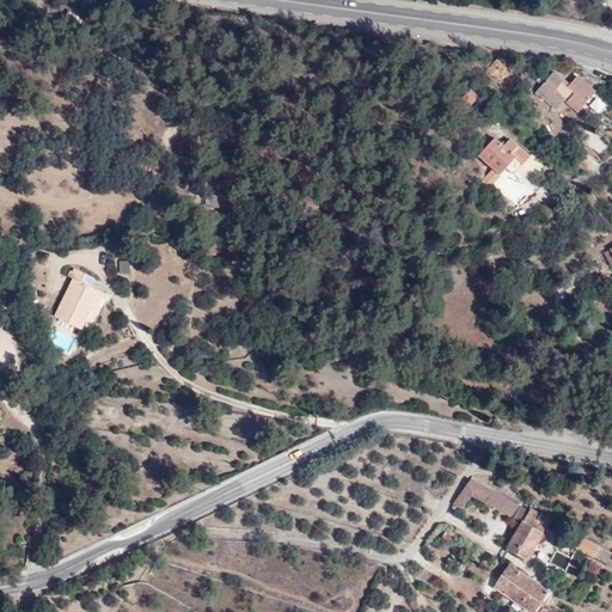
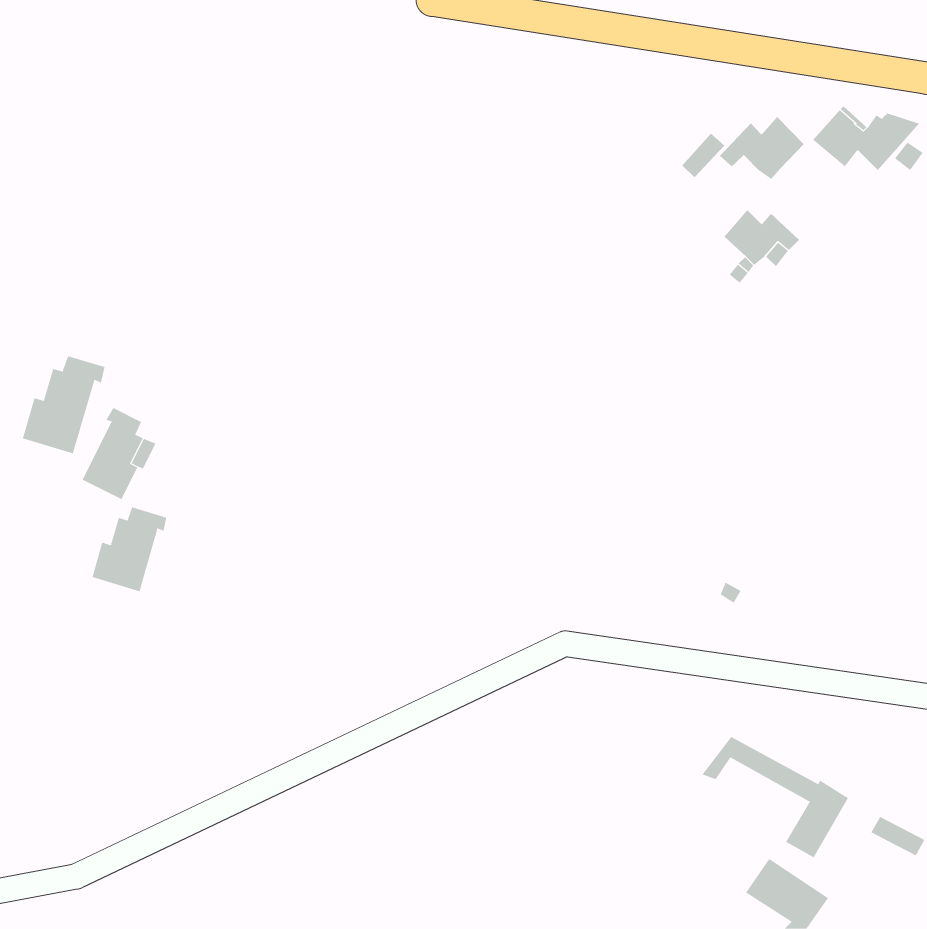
building: none -> [719,116,805,180]
building: none -> [22,356,105,454]
building: none -> [92,507,167,592]

